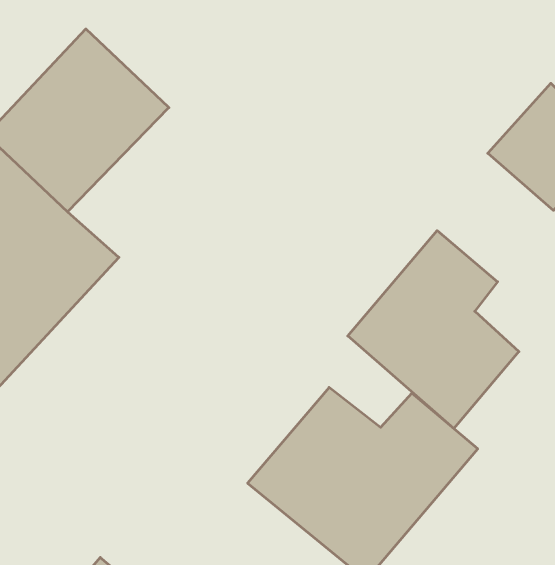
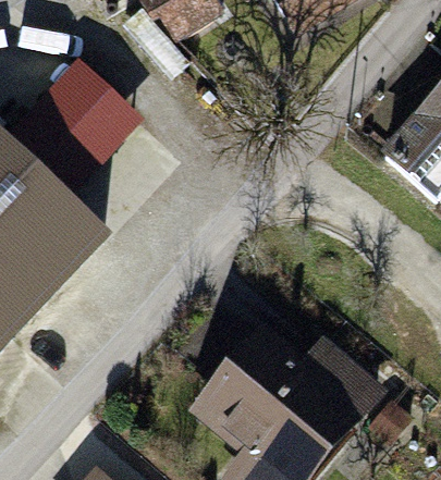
building: [348,231,519,429] -> none

